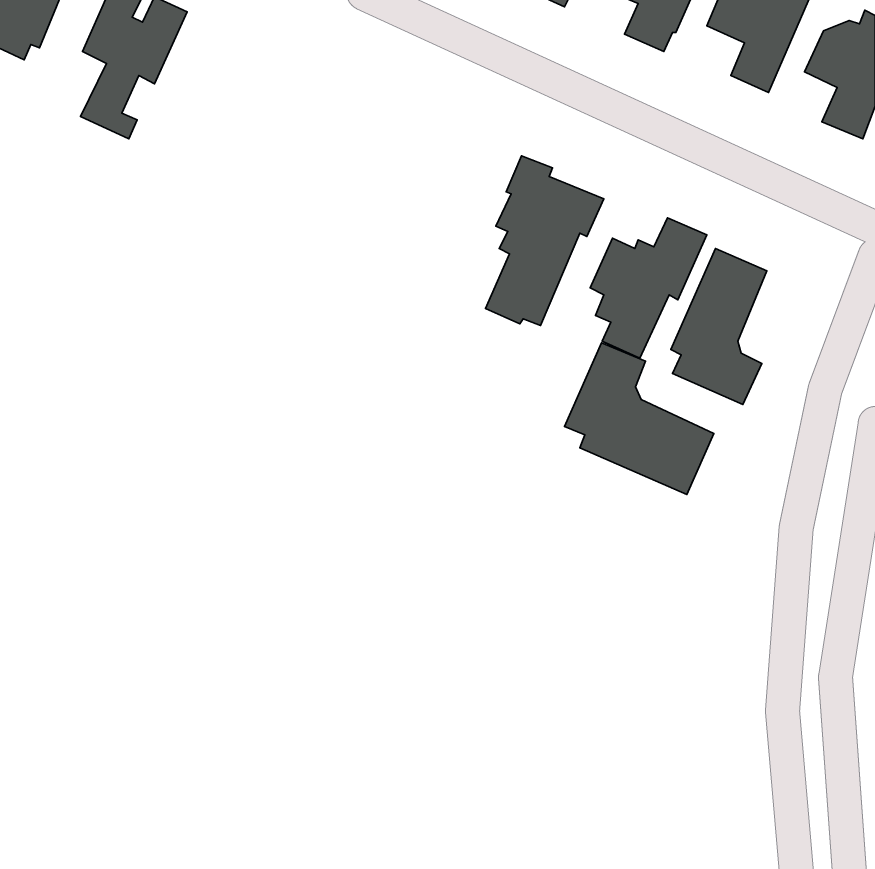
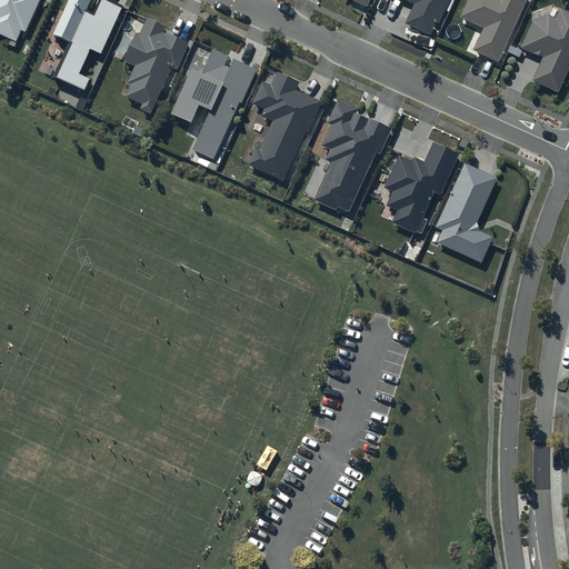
building: none -> [124,18,189,113]
building: none -> [171,50,257,161]
building: none -> [249,72,321,179]
building: [565,343,714,494] -> none

